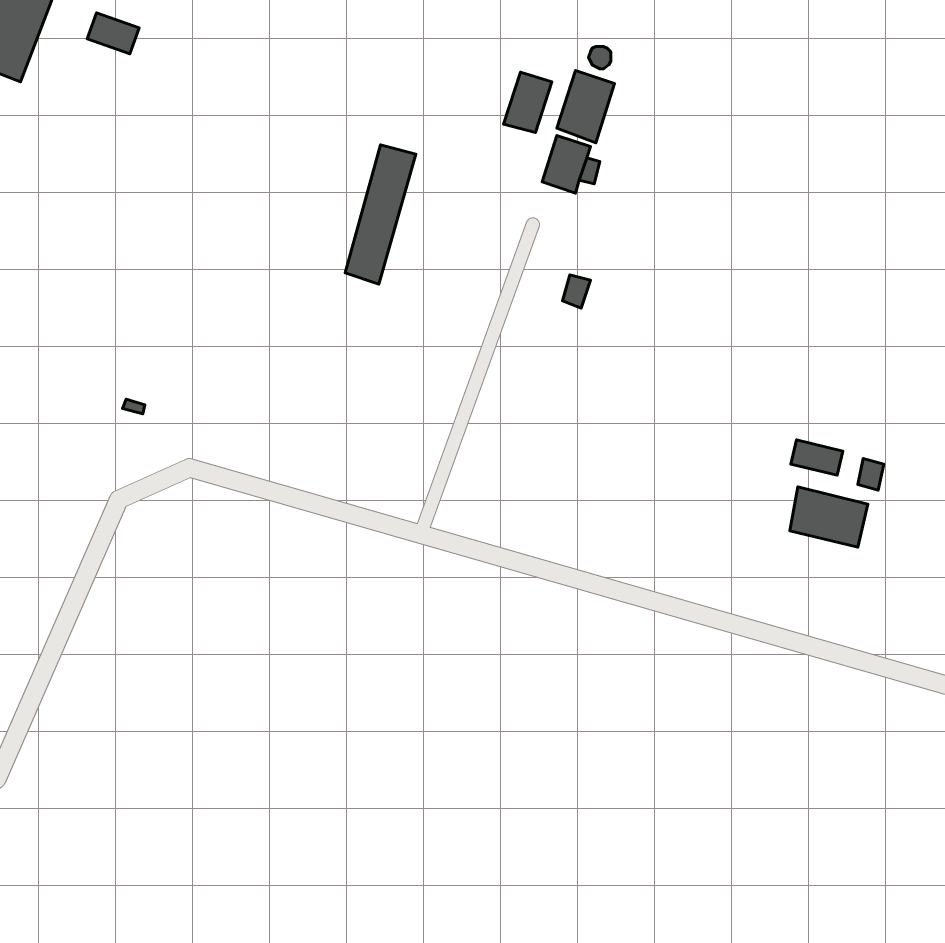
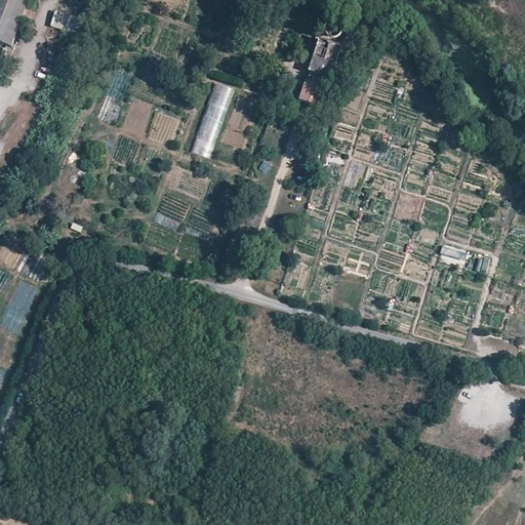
building: [503,72,552,132] -> none
building: [790,487,868,547] -> none

